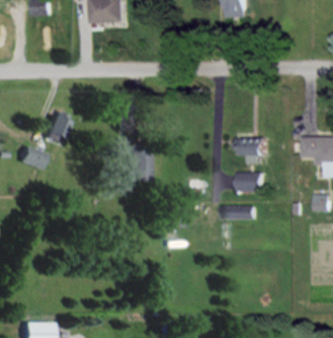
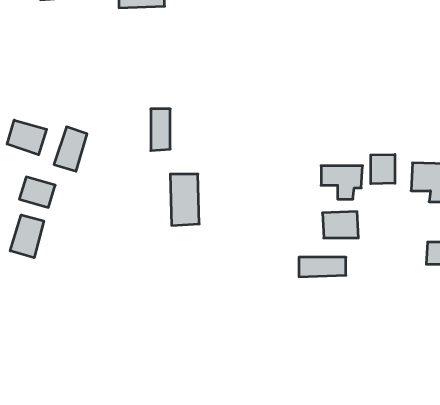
building: none -> [7,120,47,155]
building: none -> [371,154,395,184]
building: none -> [10,215,44,258]

